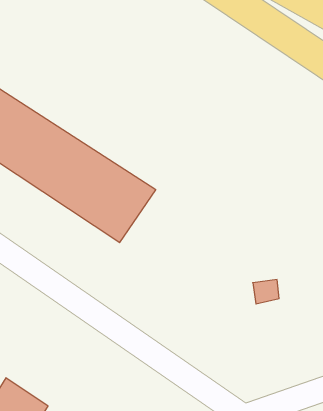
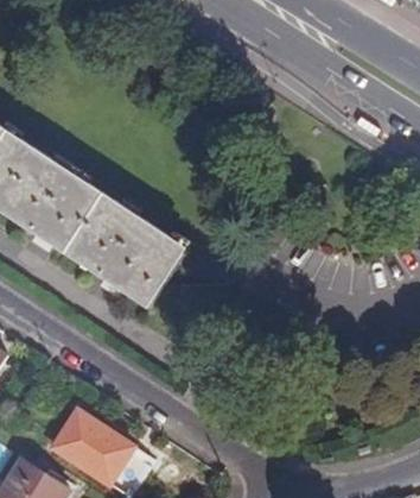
building: none -> [52,412,132,486]

